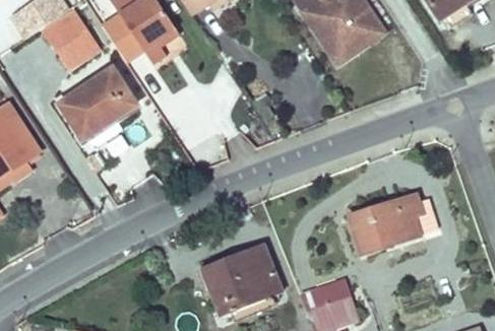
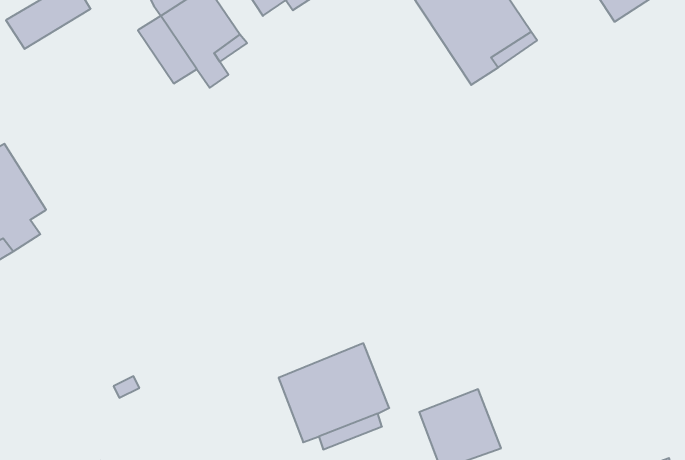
building: [43,9,101,69] -> none
building: [59,68,135,136] -> none
building: [350,194,438,254] -> none

